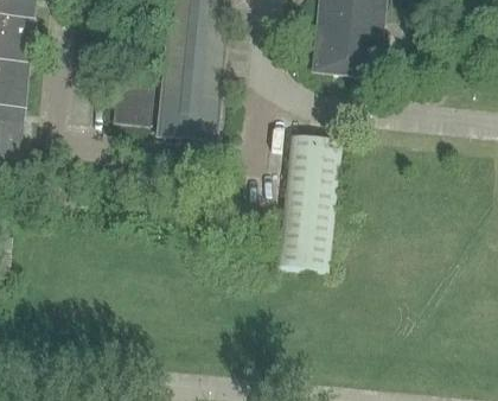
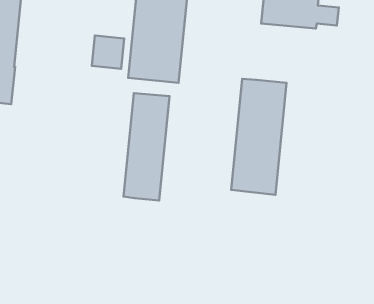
building: none -> [123,93,170,201]

